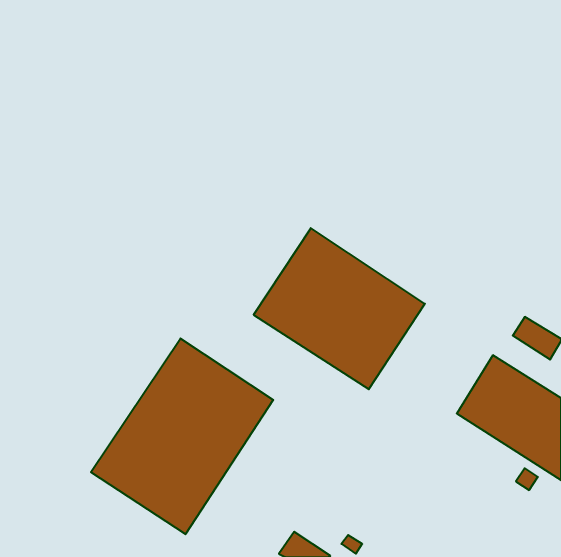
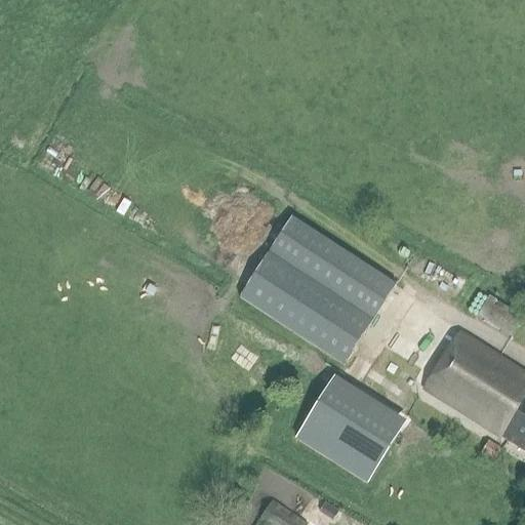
building: [91,338,273,534] -> none
building: none -> [296,375,404,481]

